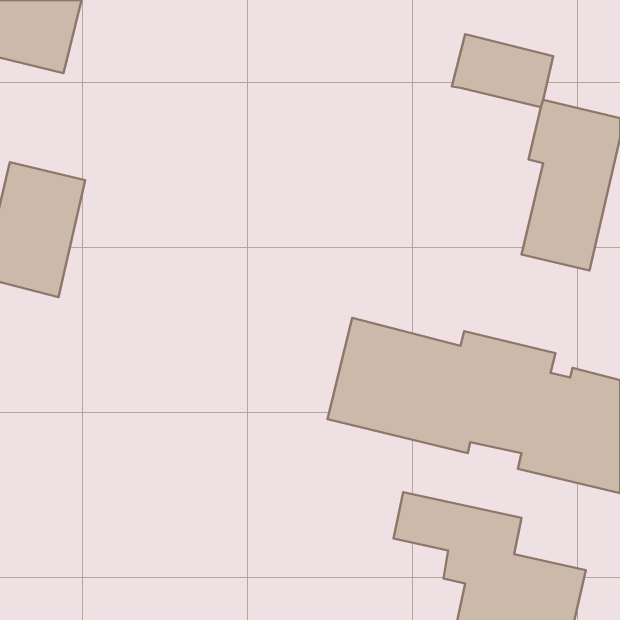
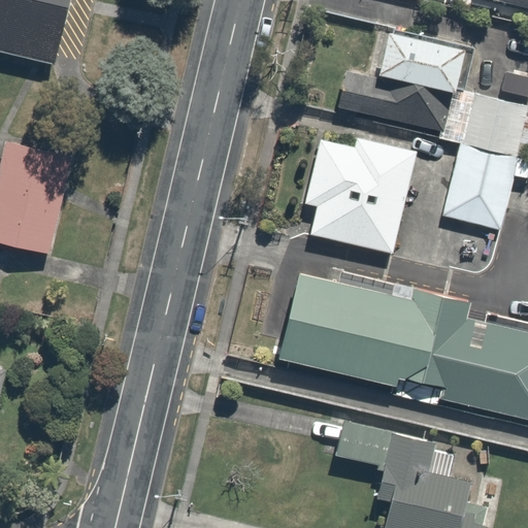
building: none -> [334,76,458,137]
building: none -> [303,139,422,257]

